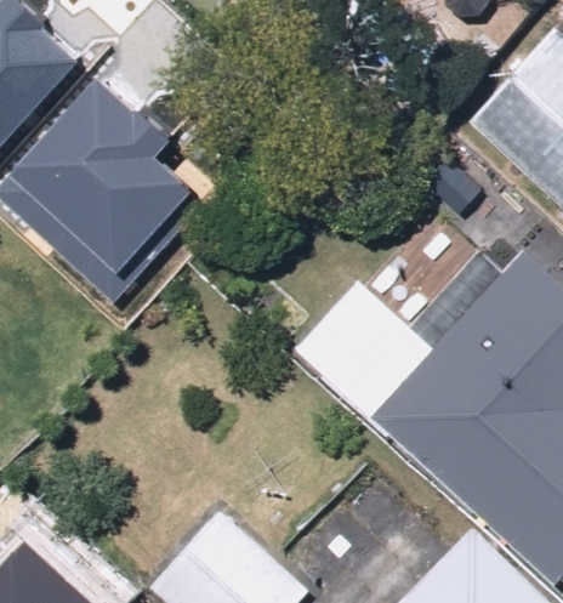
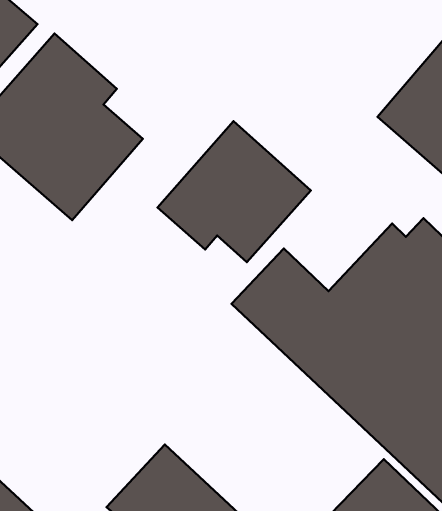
building: none -> [157,121,311,262]

